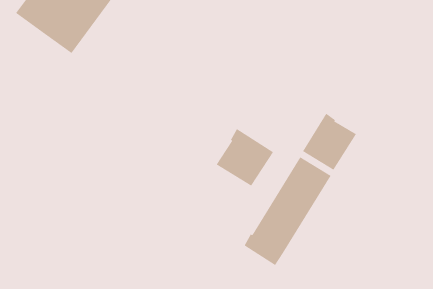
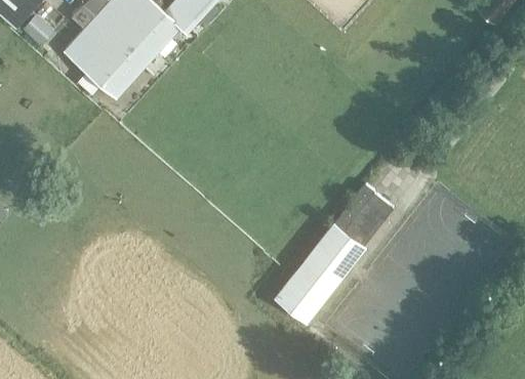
building: [216,128,274,187] -> none

